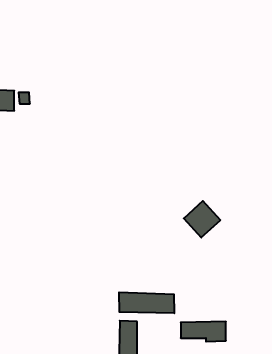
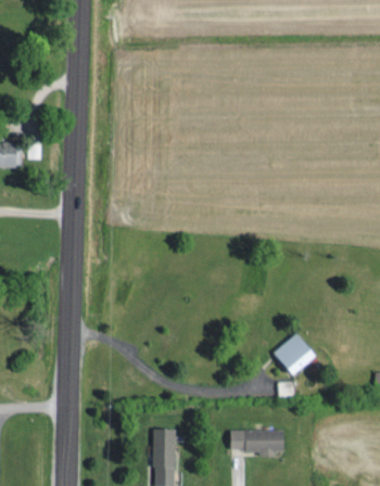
building: [184,201,220,238] -> [274,331,319,376]
building: [119,292,174,313] -> none

